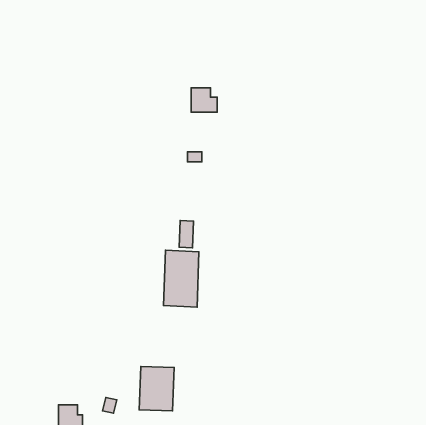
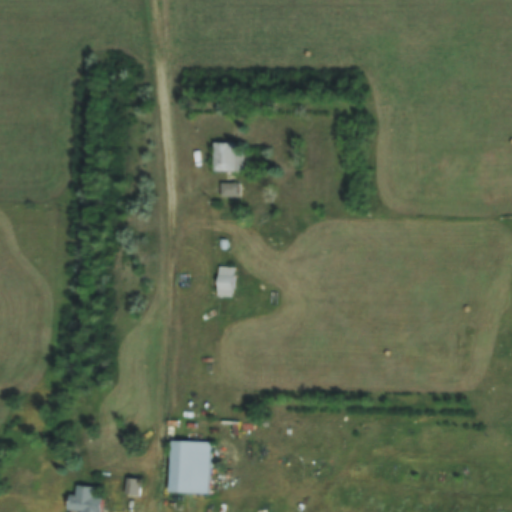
building: [191,88,217,112] -> [218,143,249,172]
building: [164,250,199,307] -> none

